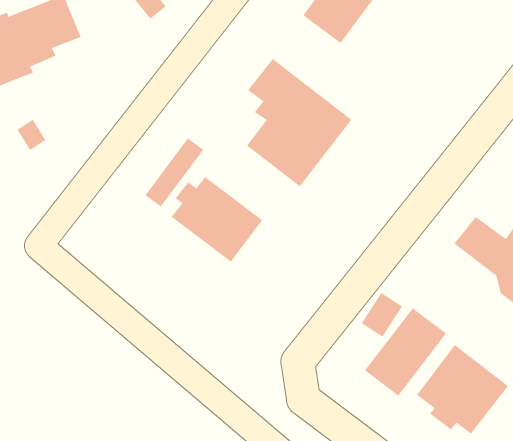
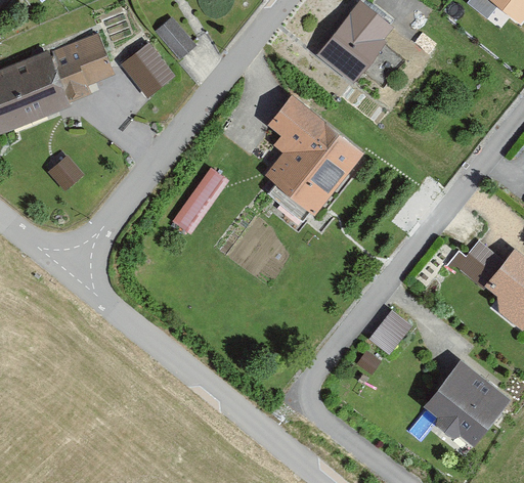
building: none -> [123,46,172,96]
building: [171,176,263,263] -> none
building: [364,307,447,397] -> none

